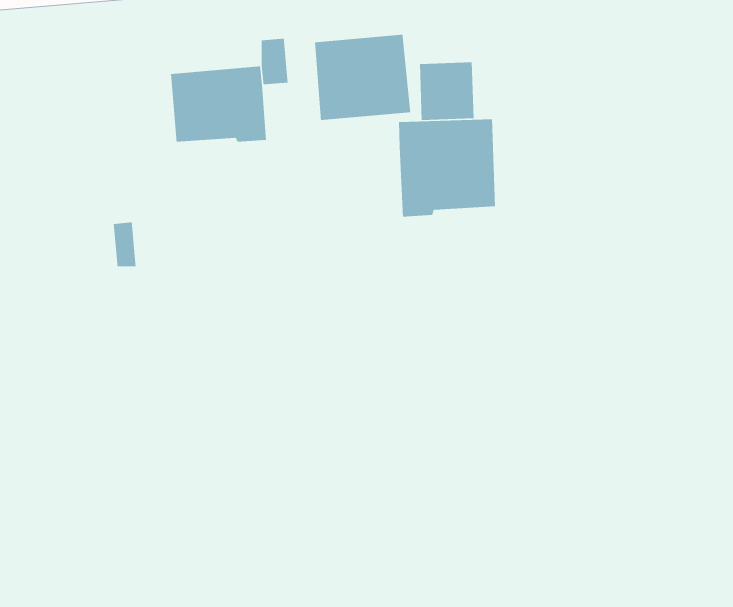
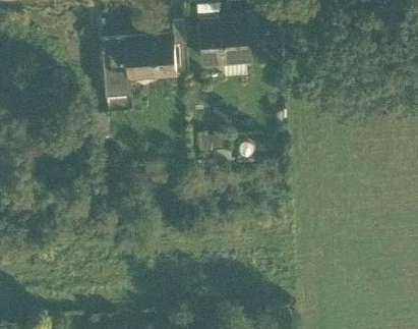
building: none -> [103,42,129,97]
building: [398,118,496,217] -> none

